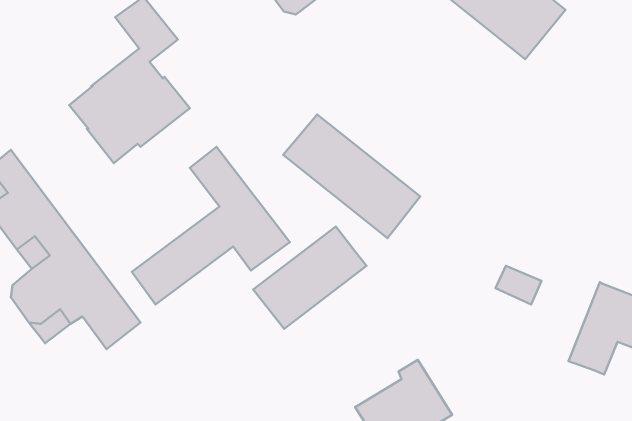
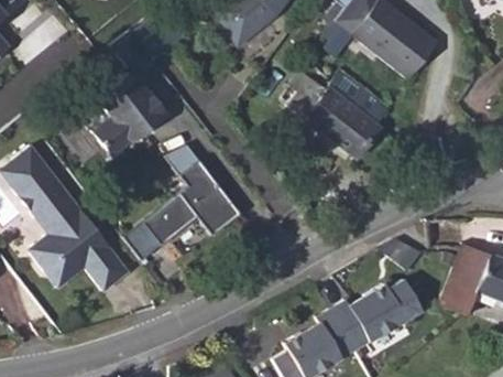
building: [283,115,420,238] -> [287,64,389,155]
building: [253,226,367,329] -> none
building: none -> [331,272,422,344]

